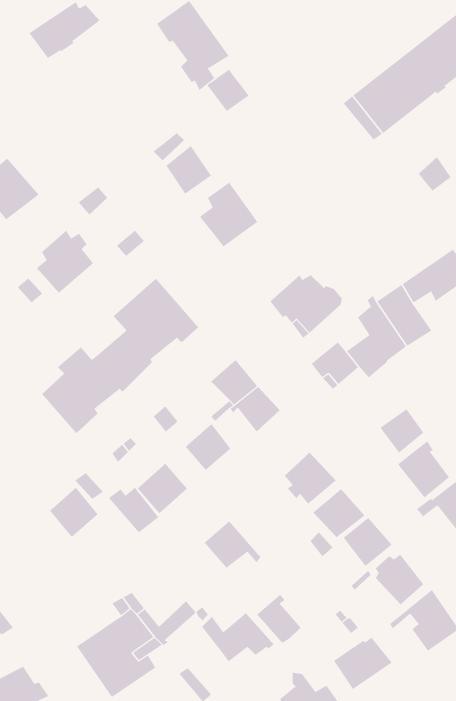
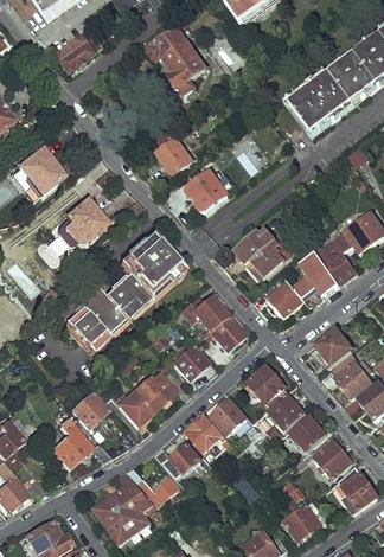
building: [207,69,249,112] -> none
building: none -> [209,398,245,434]
building: none -> [52,417,109,467]
building: [201,612,275,662] -> [156,442,211,479]

